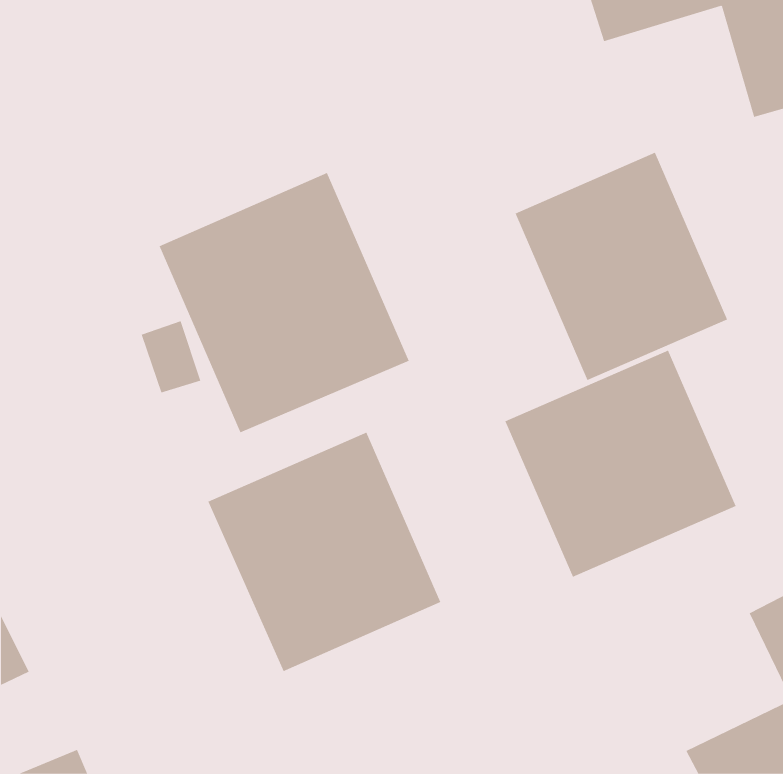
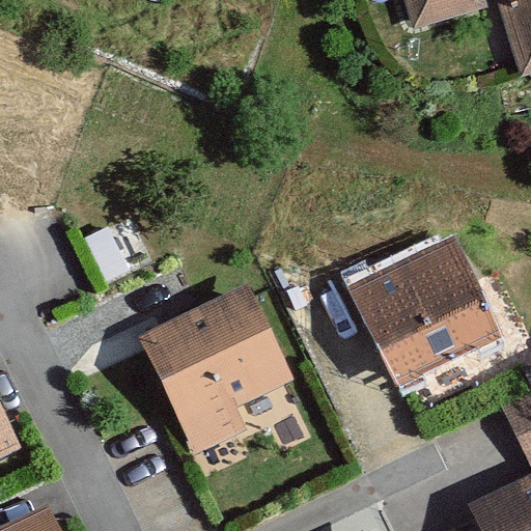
building: [515,152,728,381] -> none
building: [159,172,410,433] -> none

